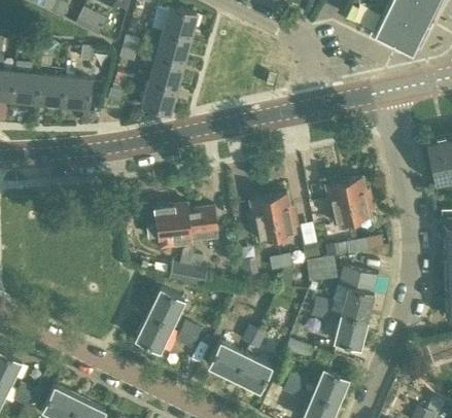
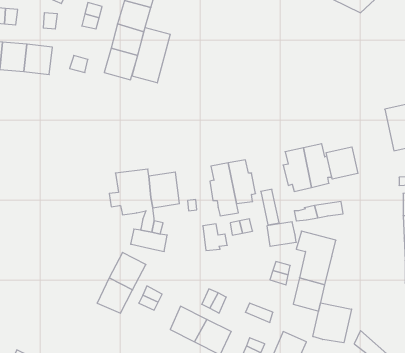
building: none -> [132,27,170,83]
building: none -> [326,147,358,179]
building: none -> [313,303,352,343]

